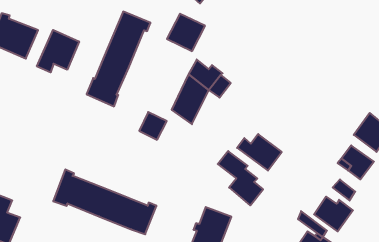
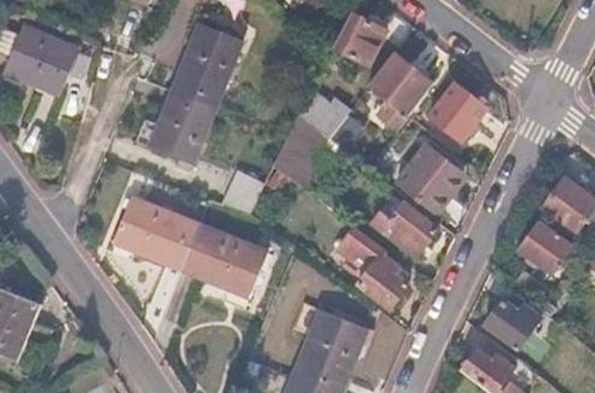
building: [167,14,205,51] -> [332,11,388,66]
building: [37,30,79,72] -> none
building: none -> [368,53,432,116]
building: none -> [429,81,486,150]
building: none -> [399,144,460,211]
building: [53,169,157,234] -> [113,195,266,291]

